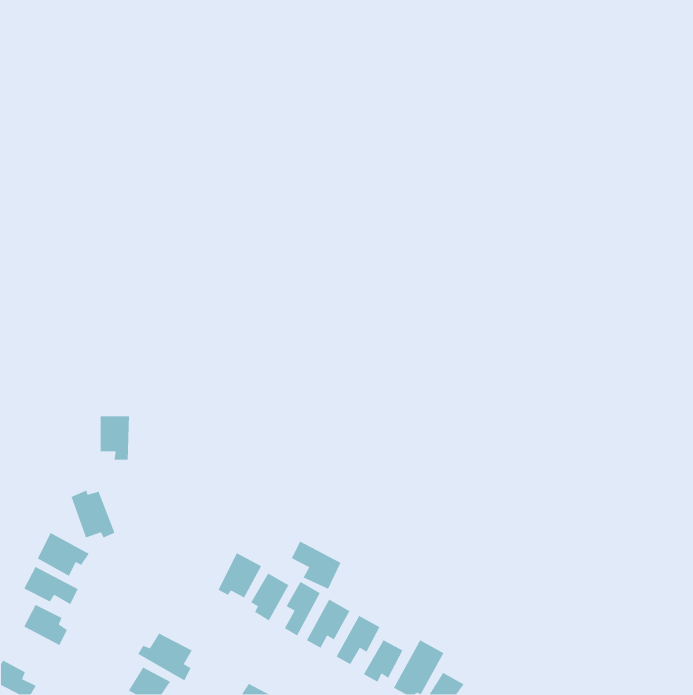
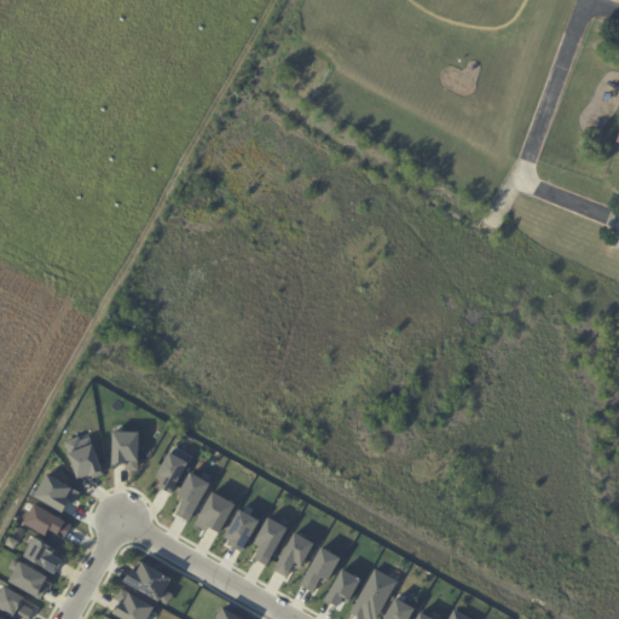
building: [100,416,130,460] -> [112,432,139,472]
building: none -> [157,452,187,493]
building: none -> [175,472,209,521]
building: [291,540,342,590] -> none
building: none -> [7,559,47,600]

